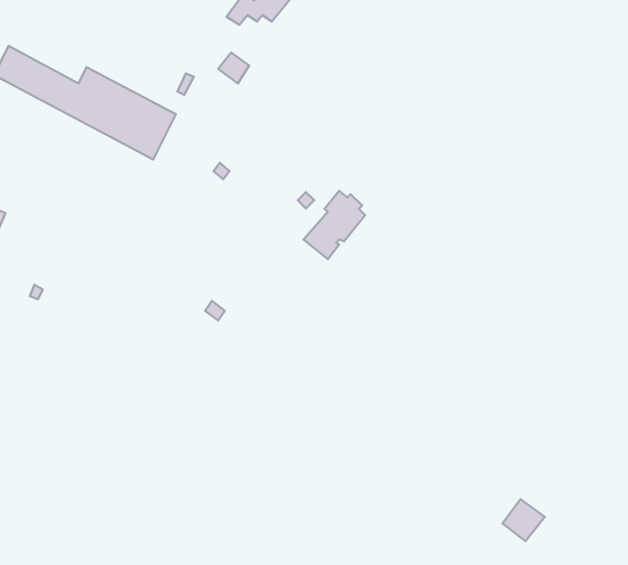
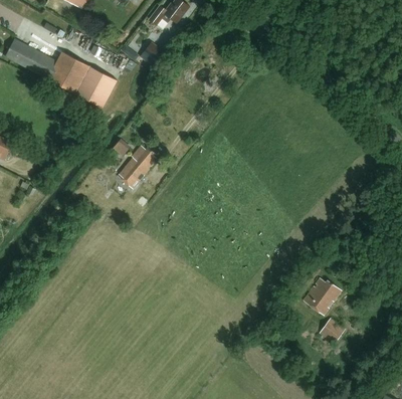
building: [304,191,365,259] -> [118,145,156,187]
building: none -> [302,277,342,317]

